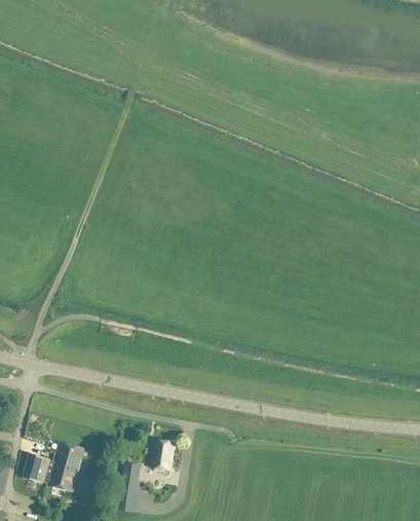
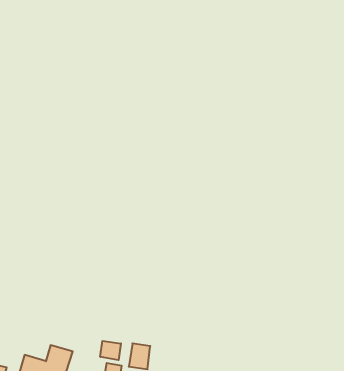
building: none -> [100,341,121,360]

